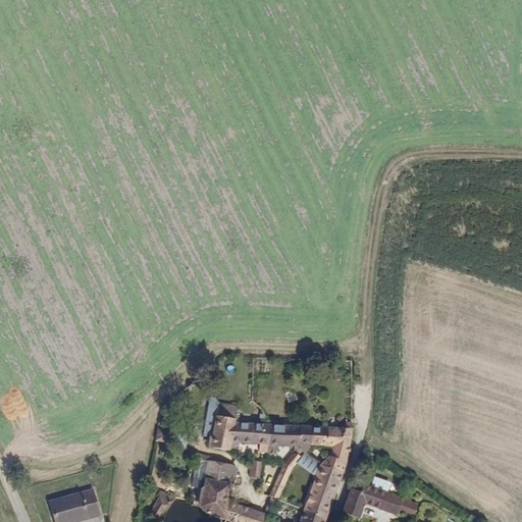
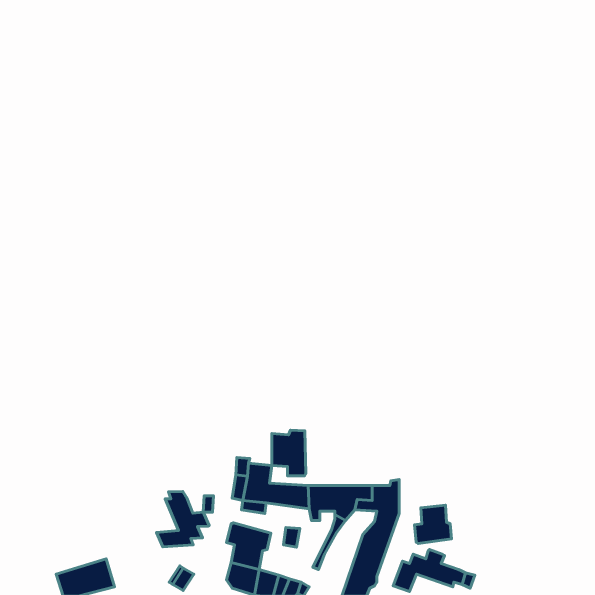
building: none -> [272,430,306,476]
building: none -> [157,491,209,547]
building: none -> [414,505,451,543]

